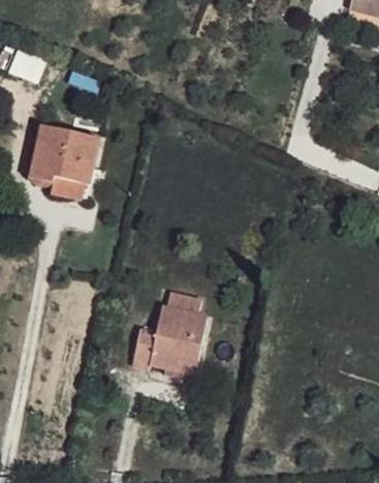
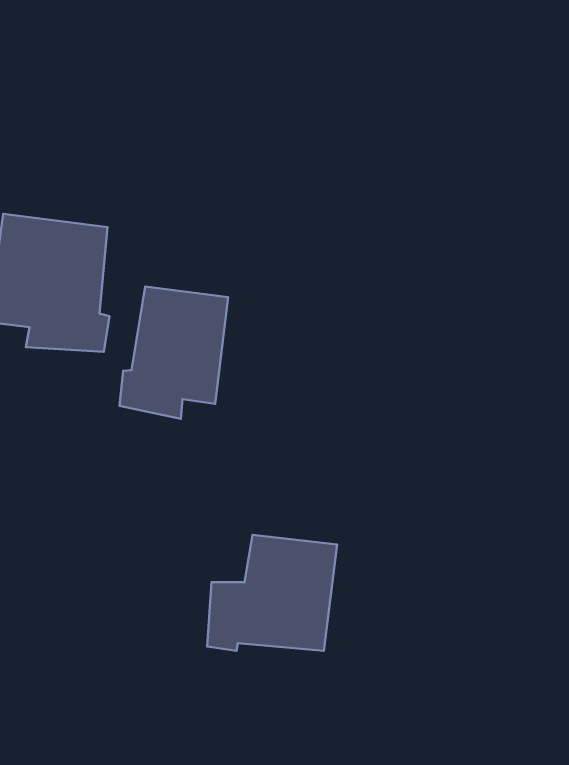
building: none -> [120,287,228,419]

